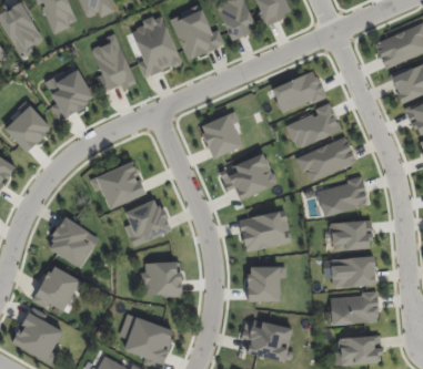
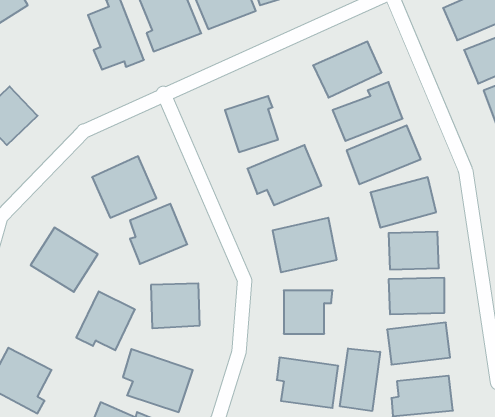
building: [44,69,95,120] -> none
building: [33,265,80,311] -> [76,291,135,350]
building: none -> [340,348,380,411]

